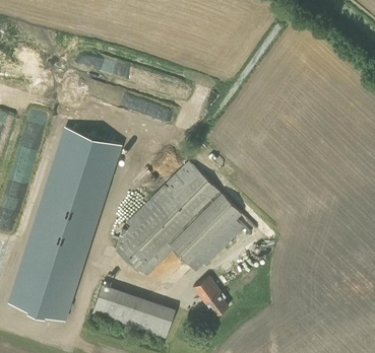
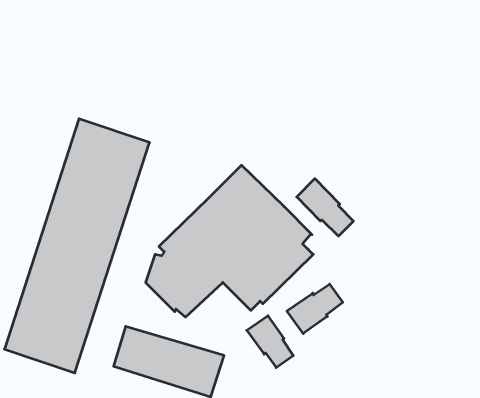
building: none -> [297,179,353,236]
building: none -> [287,284,343,334]

